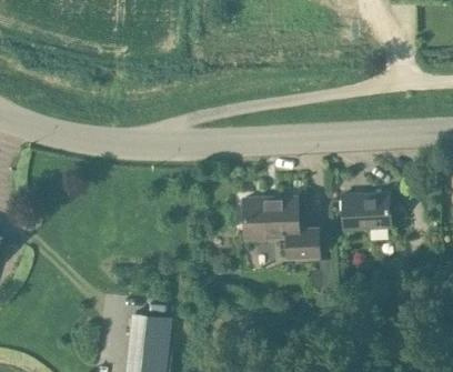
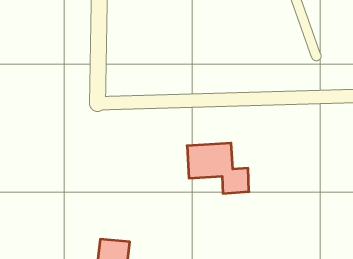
building: [342,194,390,230] -> none

